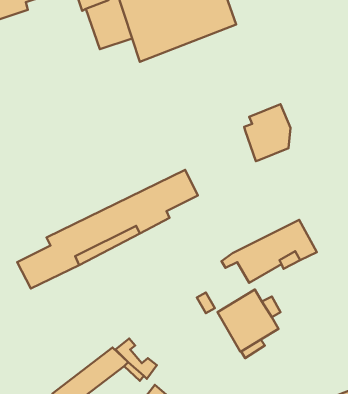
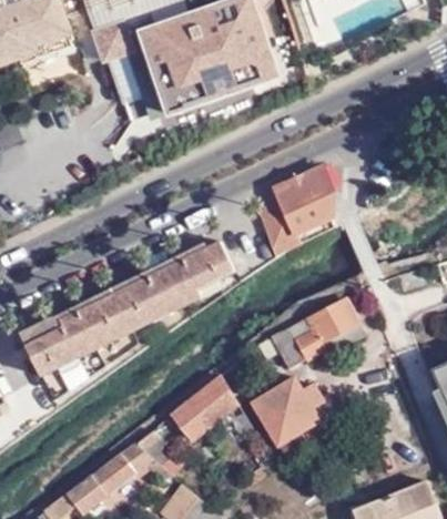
building: none -> [260,195,301,245]
building: none -> [170,370,238,439]

